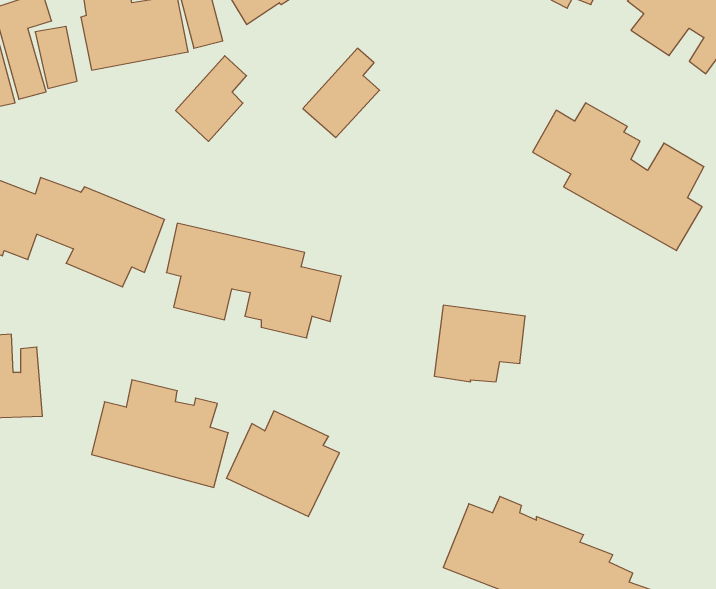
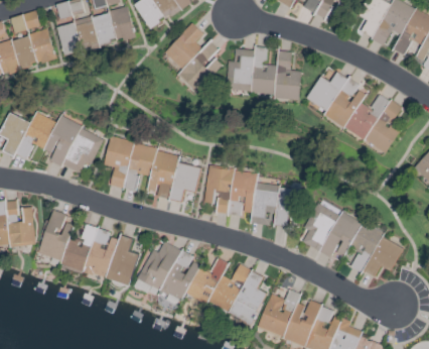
building: [176,56,247,141] -> [164,22,203,70]
building: none -> [226,47,300,102]
building: none -> [203,167,257,216]
building: none -> [299,202,402,277]
building: none -> [38,210,74,260]
building: none -> [187,258,266,323]

